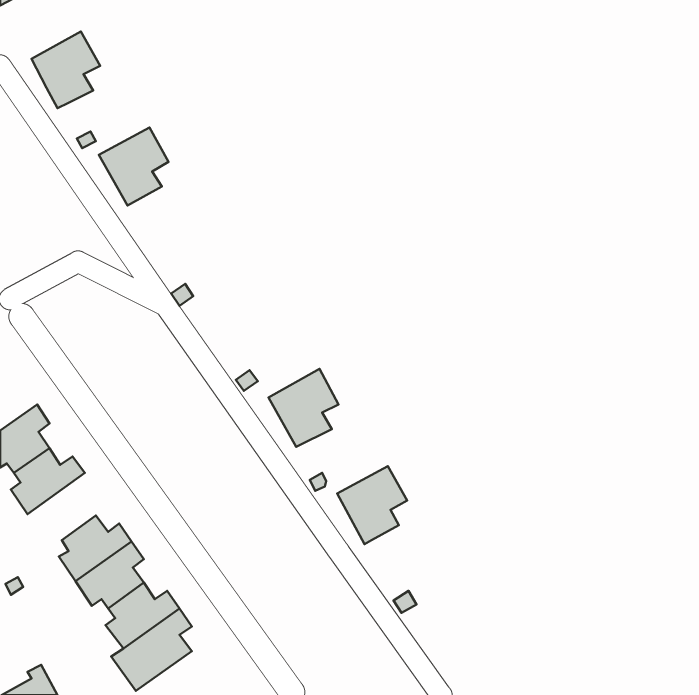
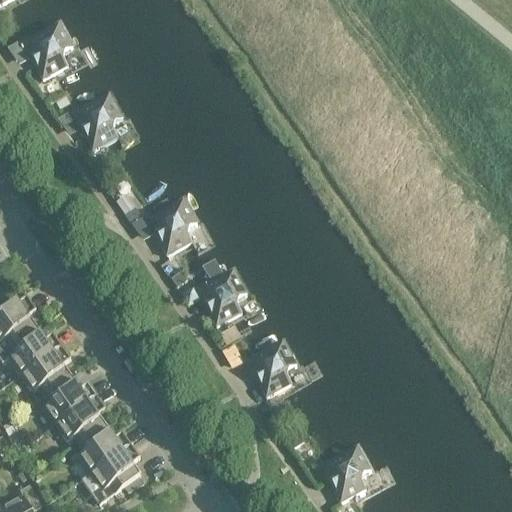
building: none -> [148,199,198,255]
building: none -> [21,345,72,394]
building: none -> [321,446,372,502]

